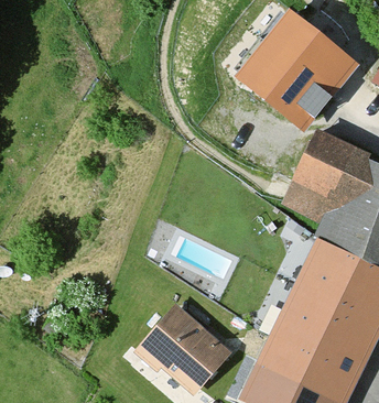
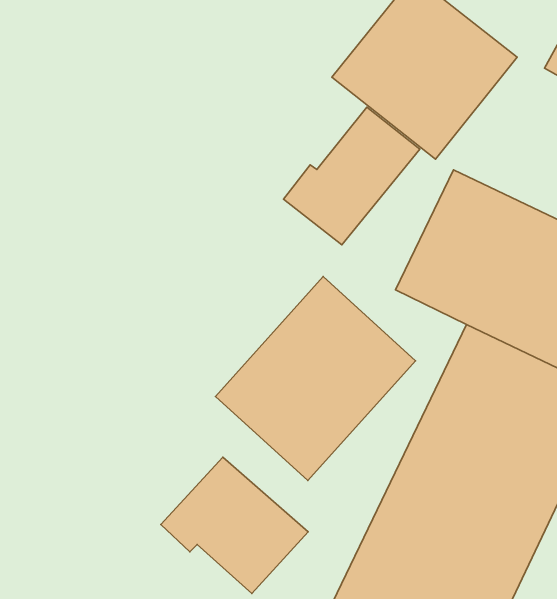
building: none -> [284,107,420,245]
building: none -> [215,277,416,480]

